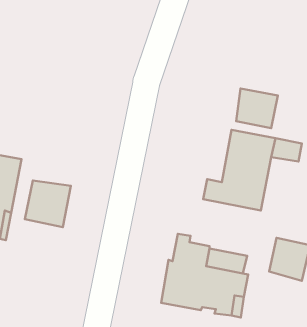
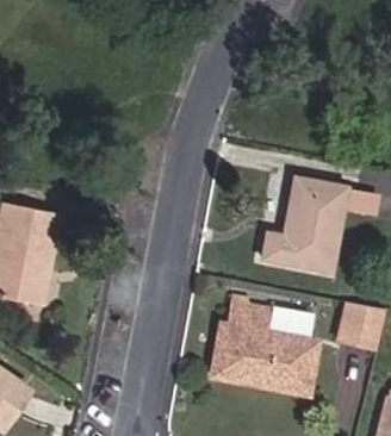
building: [236,88,278,128] -> none
building: [25,181,71,227] -> none

